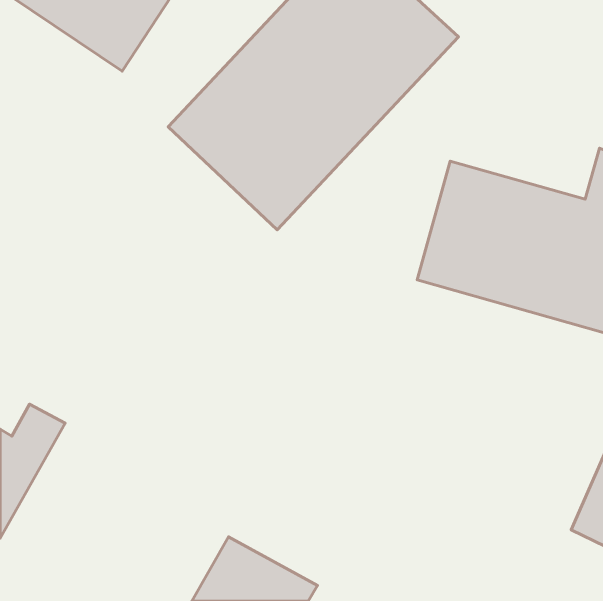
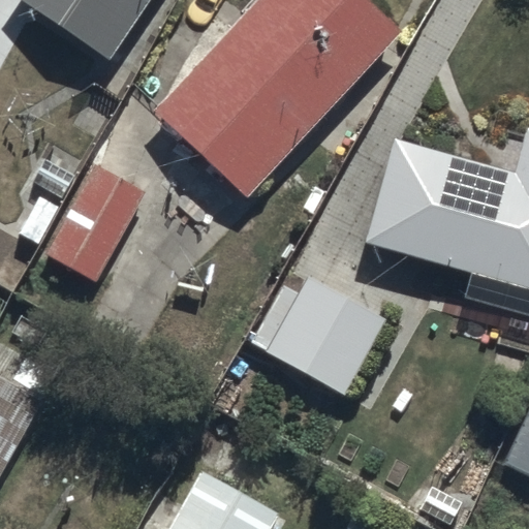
building: none -> [44,164,145,280]
building: none -> [231,264,385,396]

